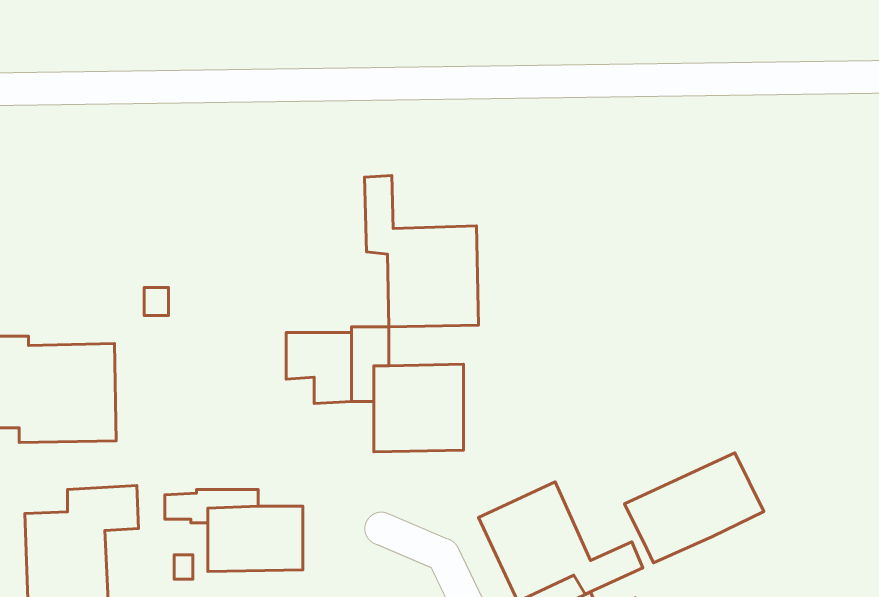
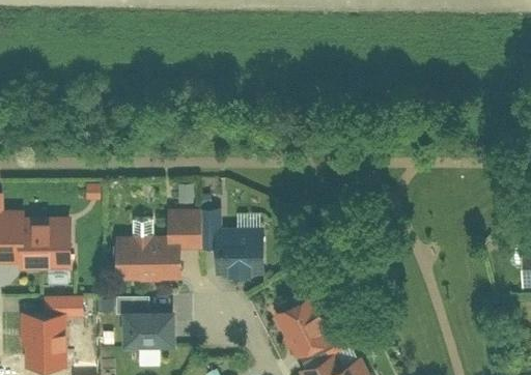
building: [364,176,479,327] -> none
building: none -> [114,236,181,283]
building: [625,453,764,563] -> none

